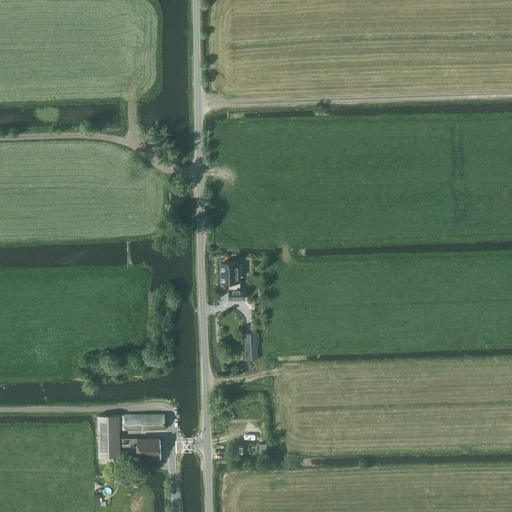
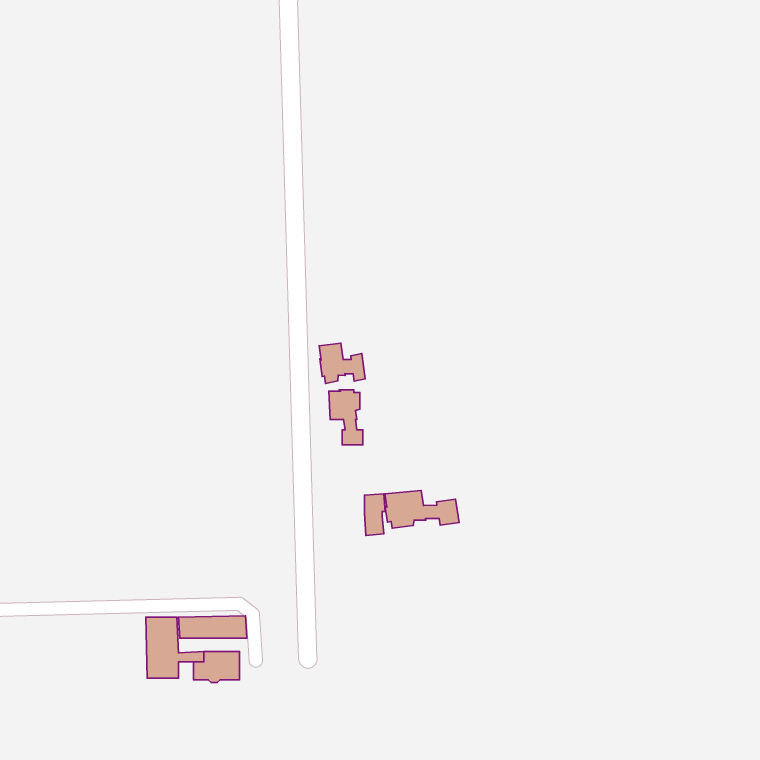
building: none -> [319,343,365,383]
building: none -> [385,490,459,528]

